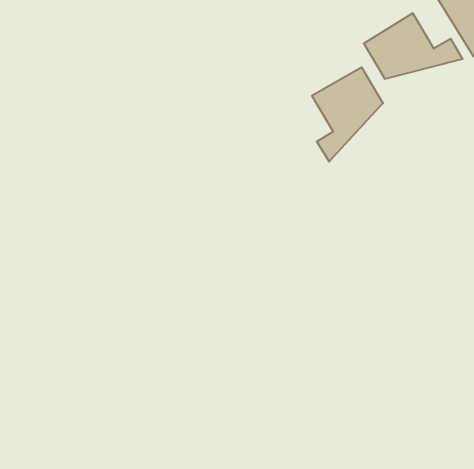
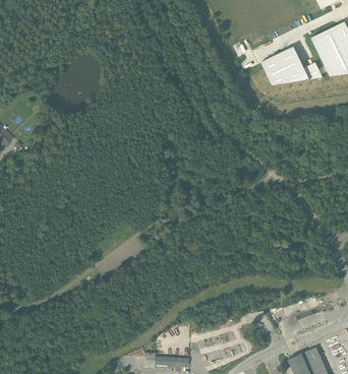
building: [312,67,383,162] -> none

